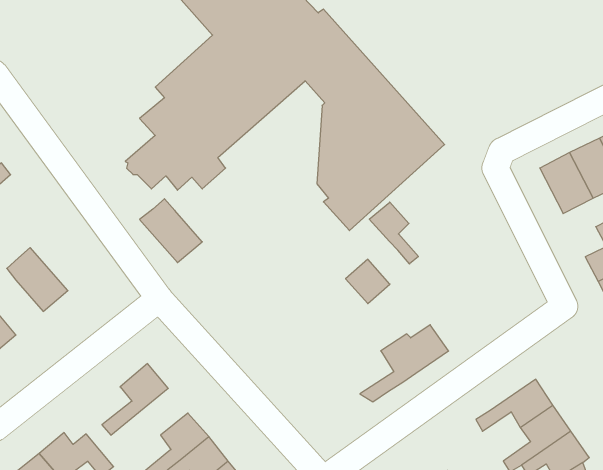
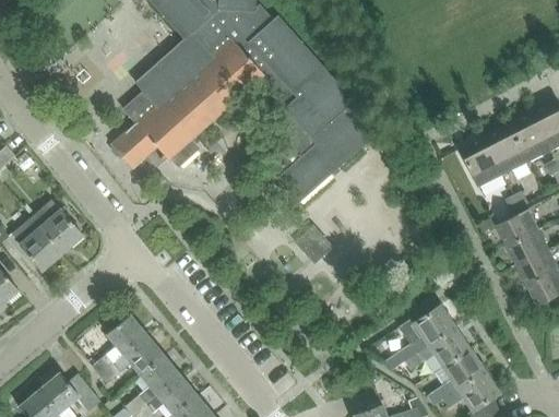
building: [140,199,202,263] -> [32,200,84,253]
building: [369,202,418,264] -> none
building: [360,325,449,402] -> [381,306,455,370]
building: none -> [99,335,164,384]

